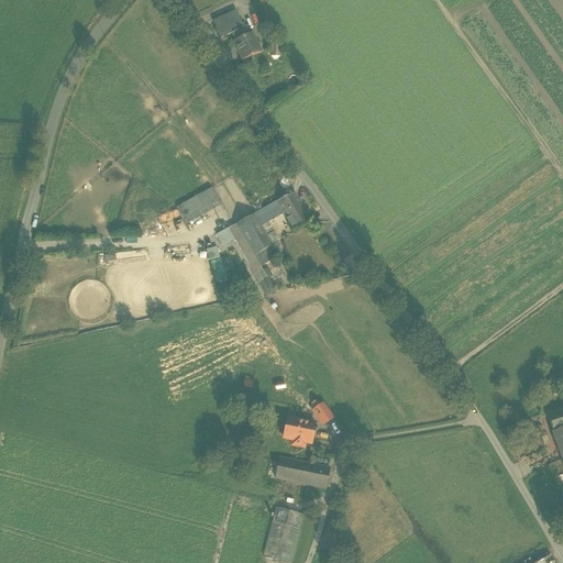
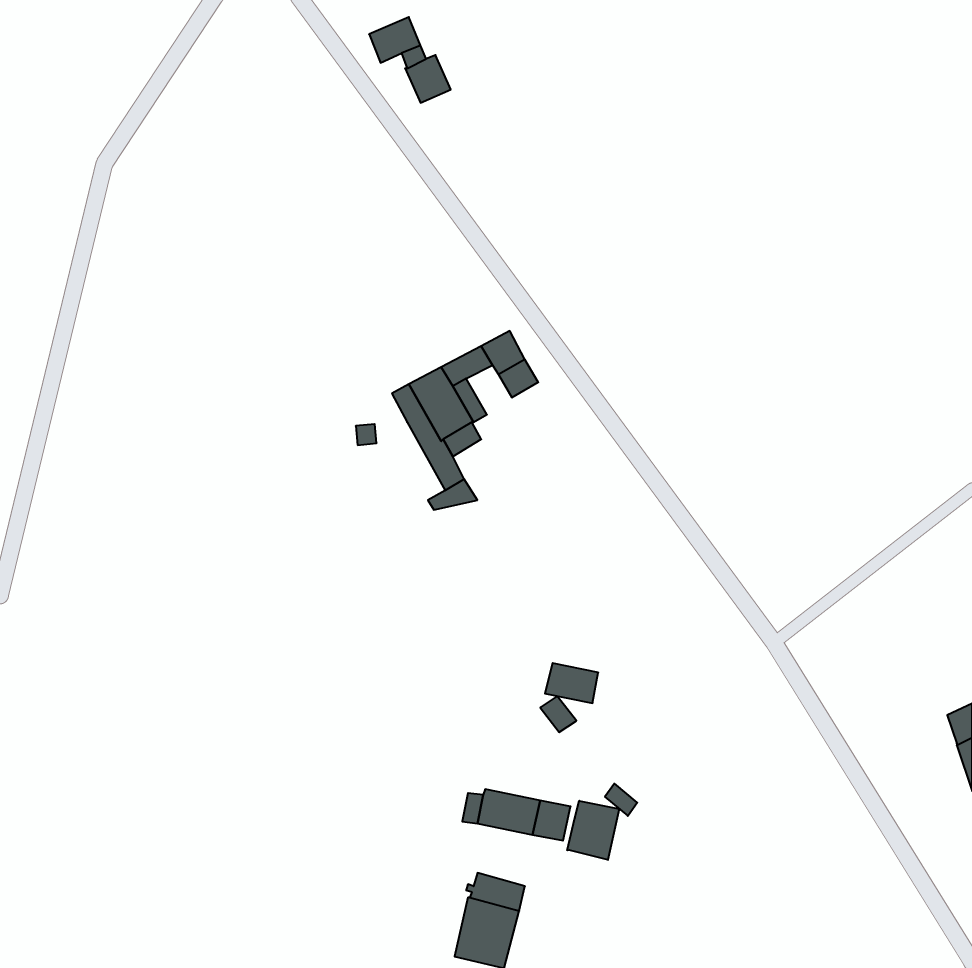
building: [175,186,220,221] -> none
building: [285,418,316,441] -> [545,663,598,703]
building: none -> [567,801,619,860]

